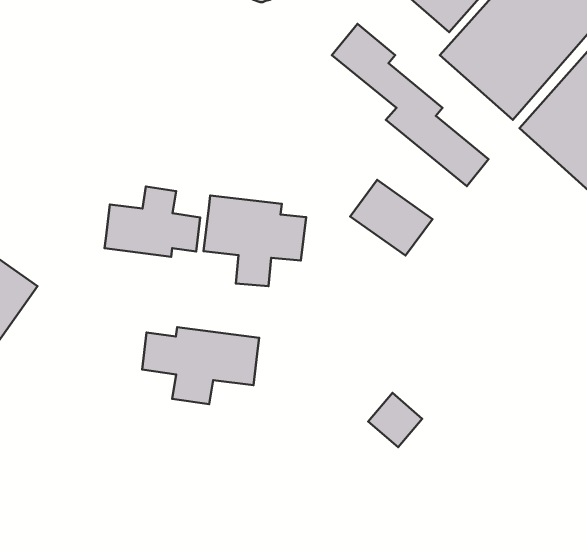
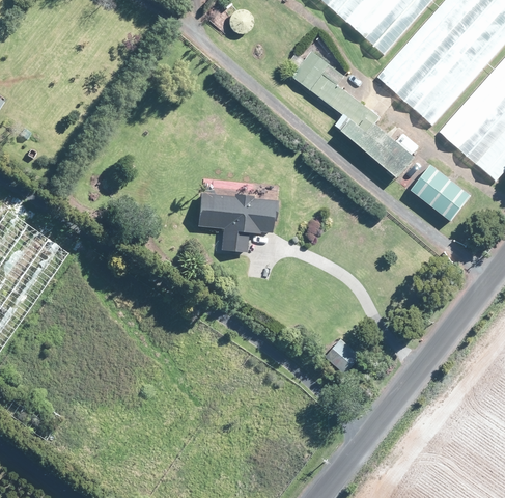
building: [350,180,432,256] -> [410,163,473,221]
building: [104,186,200,257] -> none
building: [142,327,259,404] -> none

